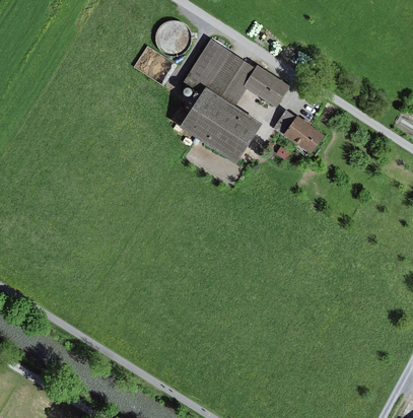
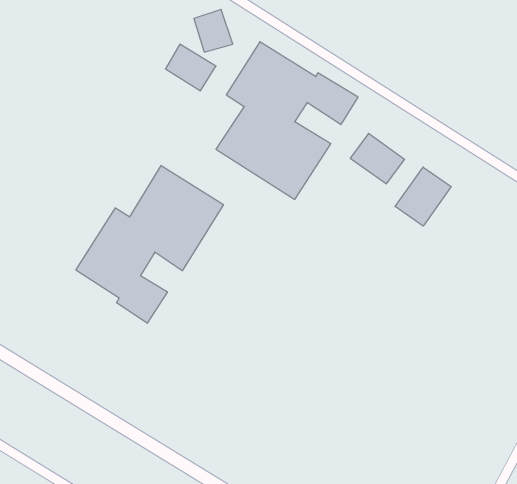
building: none -> [76,166,223,323]
building: none -> [395,167,451,226]

